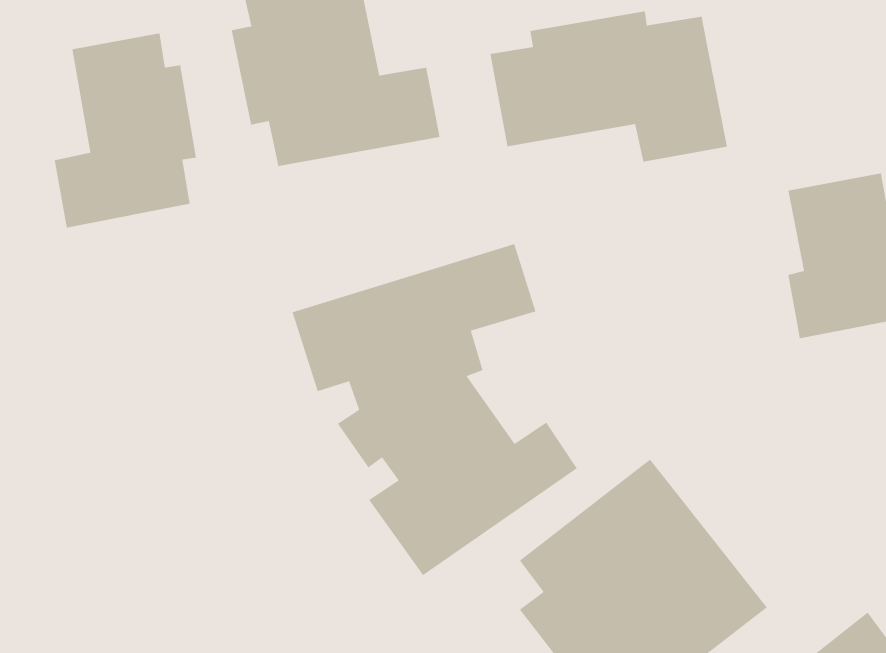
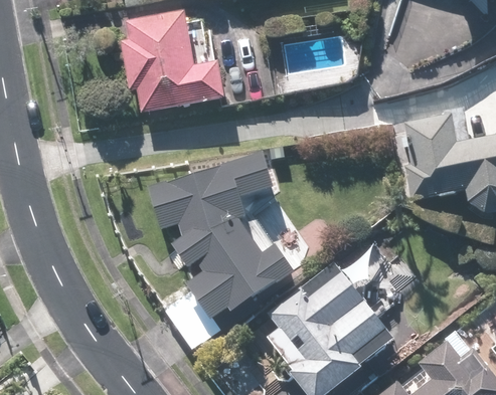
building: [489,10,728,163] -> none
building: [54,32,197,228] -> none

